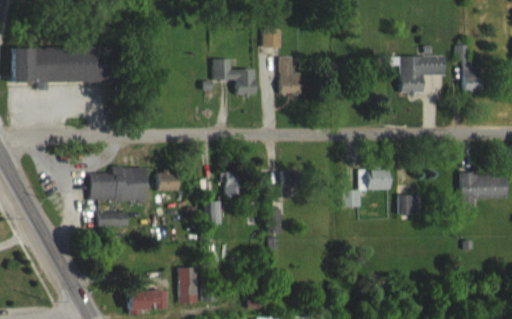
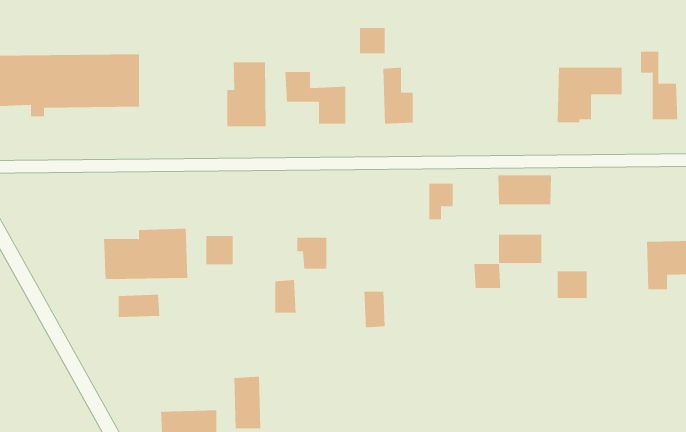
building: none -> [227,62,266,127]
building: none -> [498,174,552,205]
building: [282,171,299,196] -> [429,183,453,220]

